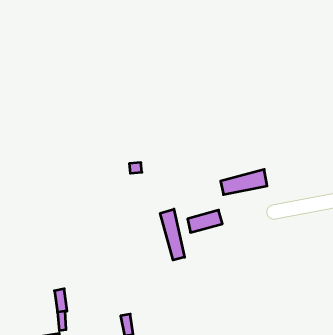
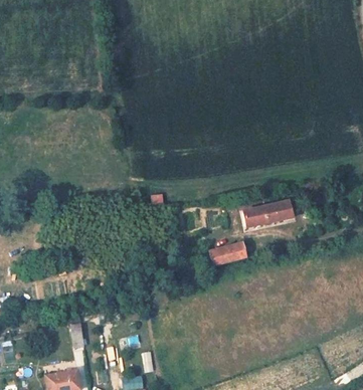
building: [160,209,185,260] -> none

